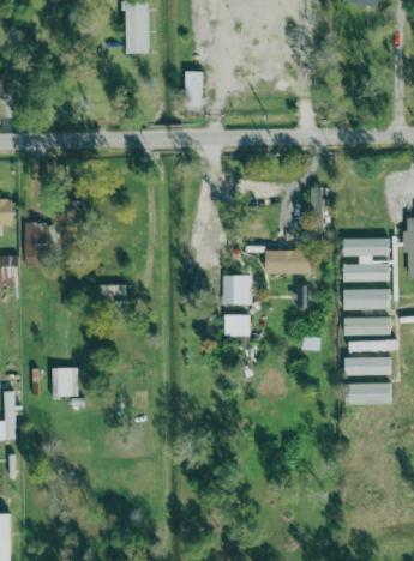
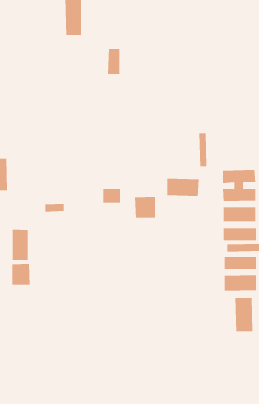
building: [223,315,248,336] -> [103,188,121,203]
building: none -> [12,229,28,261]
building: none -> [235,297,253,332]

